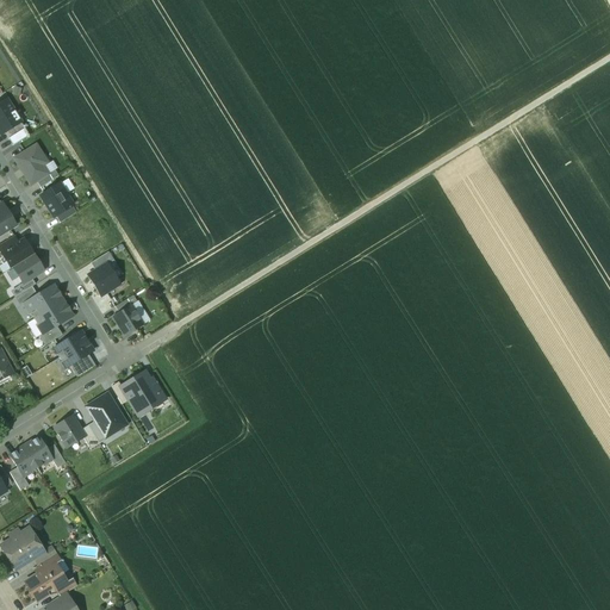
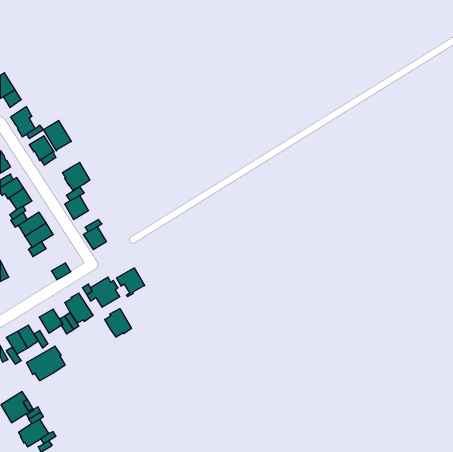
building: none -> [43,120,71,151]
building: none -> [62,162,90,190]
building: [54,330,93,366] -> none
building: none -> [116,268,145,297]
building: none -> [105,309,132,337]
building: none -> [27,346,65,381]

